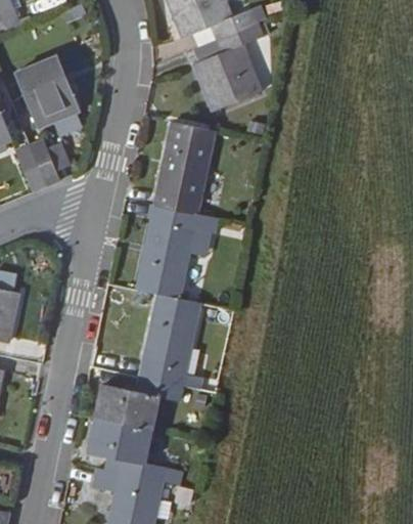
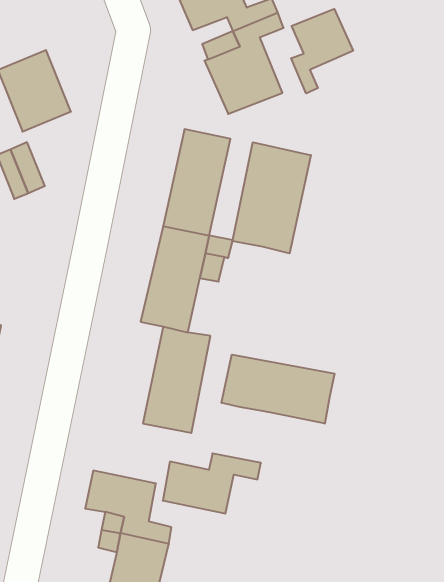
building: none -> [291,9,353,93]
building: none -> [233,142,311,253]
building: none -> [222,355,335,424]
building: [97,378,182,430] -> [163,453,261,514]

